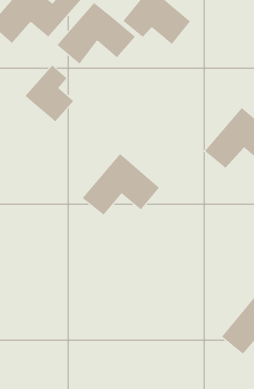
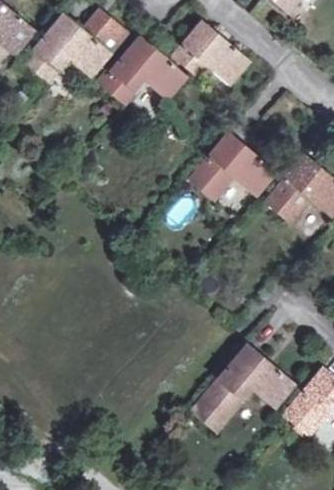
building: [25,65,74,122] -> none
building: [82,153,160,215] -> [188,132,276,202]
building: none -> [193,343,294,425]

